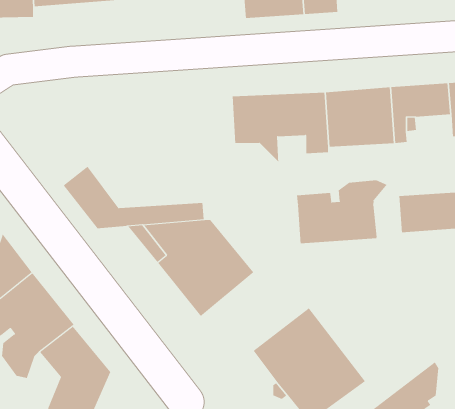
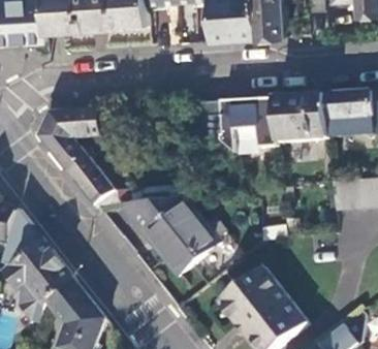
building: none -> [40,110,100,172]
building: [296,180,387,244] -> none

